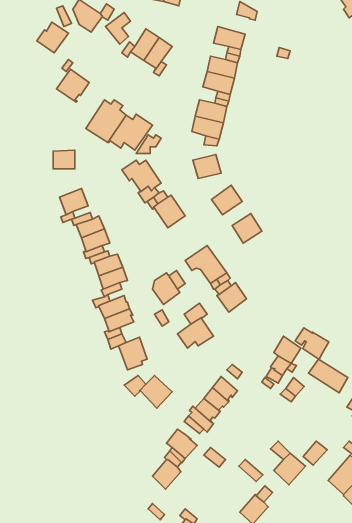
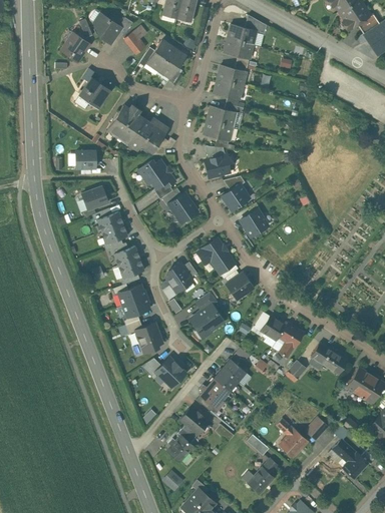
building: none -> [228,24,257,45]
building: [295,328,329,359] -> [255,312,286,341]

